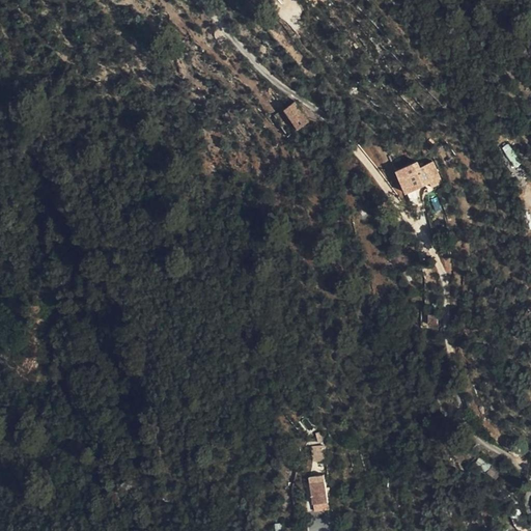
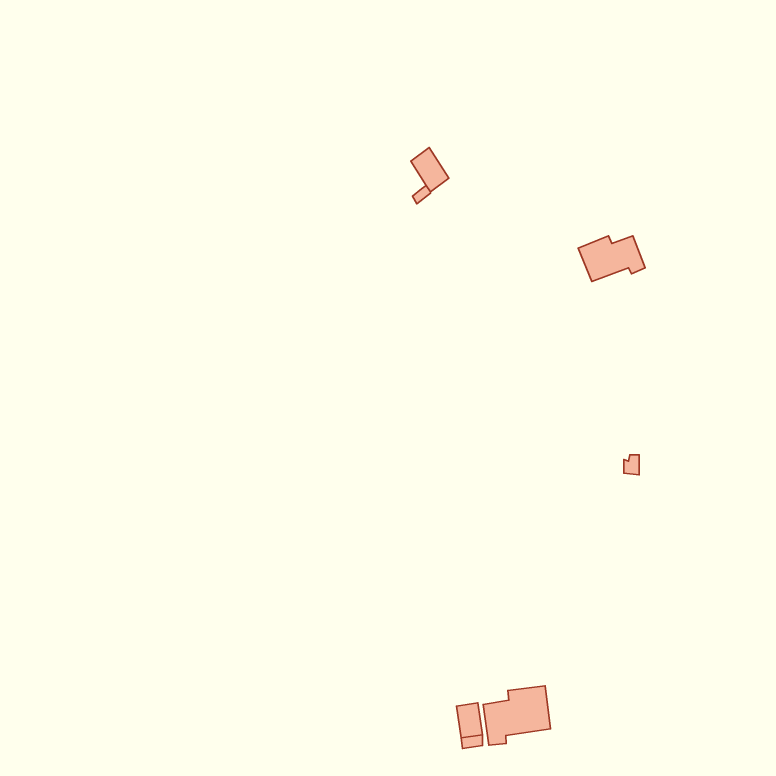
building: none -> [483,686,550,745]

